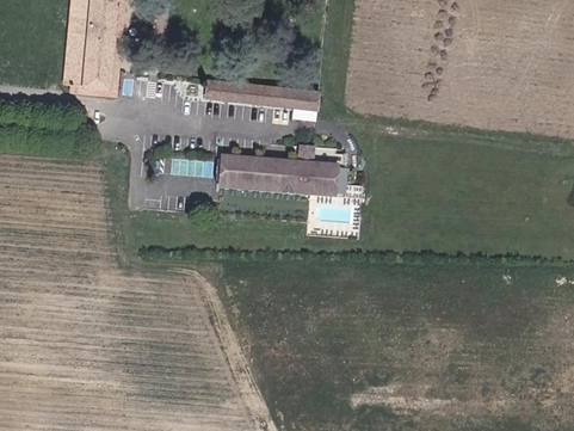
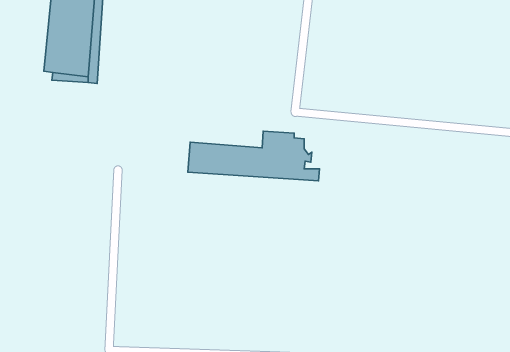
building: [205,76,320,112] -> none

